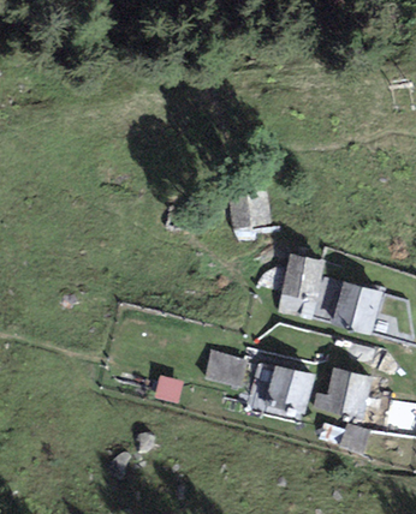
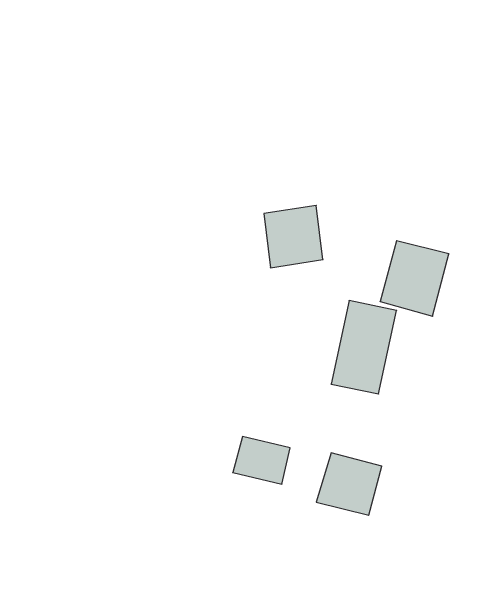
building: [331,280,381,335] -> [380,241,449,316]
building: [321,366,373,423] -> none

